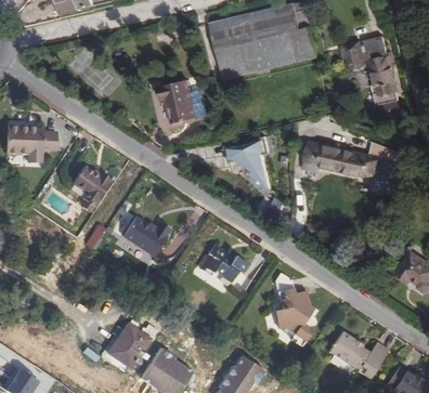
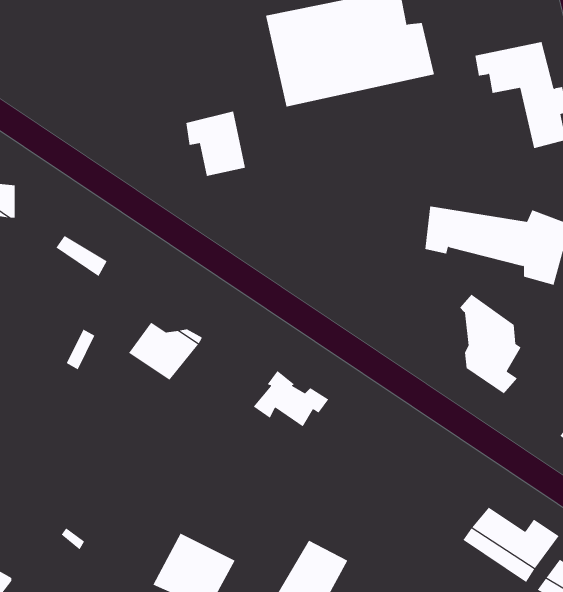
building: [226,137,269,185] -> none
building: [69,170,105,212] -> none
building: [275,275,314,338] -> [459,294,521,394]
building: [103,318,147,365] -> none

